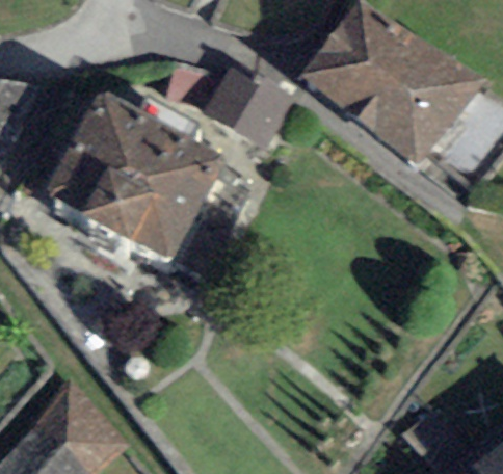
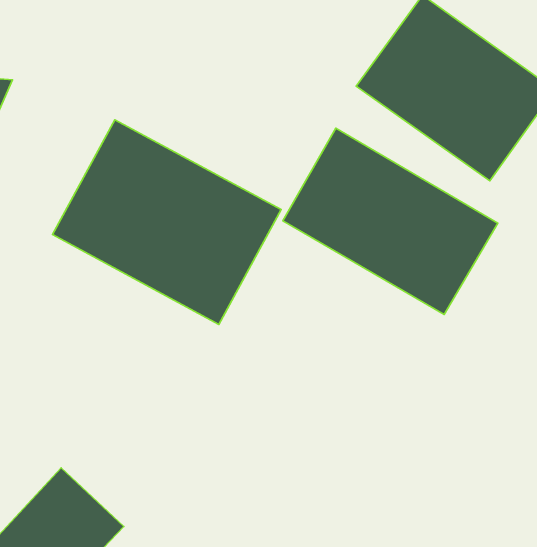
building: [200,70,282,148] -> none
building: none -> [283,128,498,314]

